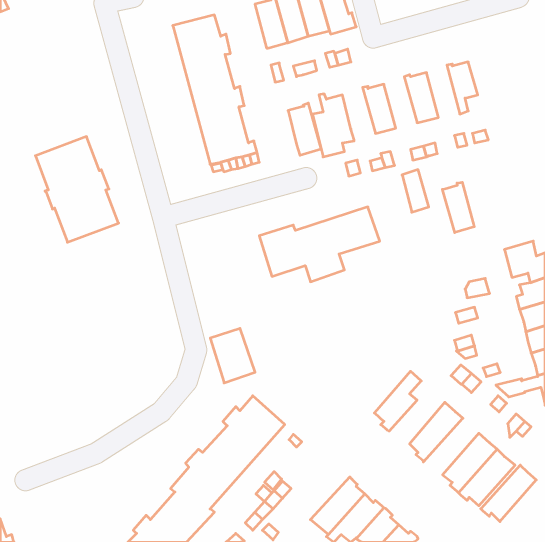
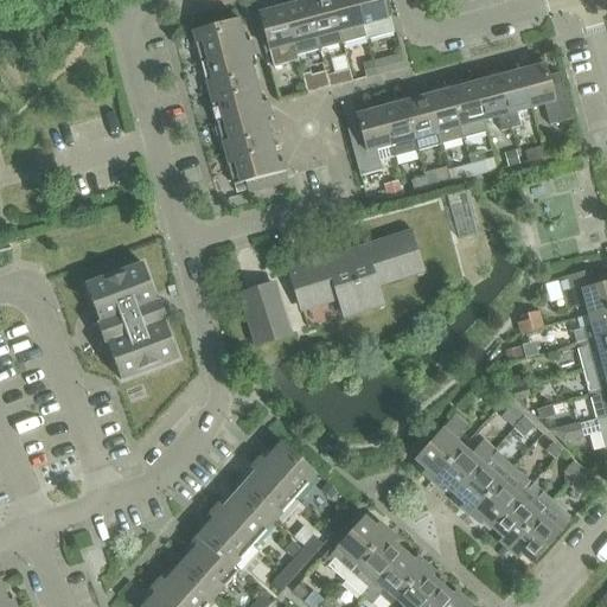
building: none -> [258,5,299,65]
building: none -> [520,56,573,123]
building: none -> [474,72,511,130]
building: none -> [427,85,464,142]
building: [288,103,321,155] -> [381,97,417,155]
building: [35,137,119,242] -> [85,261,178,378]
building: [442,182,474,233] -> none
building: [210,328,255,383] -> [241,282,290,343]
building: none -> [433,439,494,493]
building: none -> [322,515,389,577]
building: [481,465,536,522] -> [471,465,532,528]

